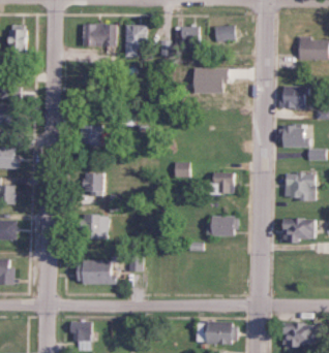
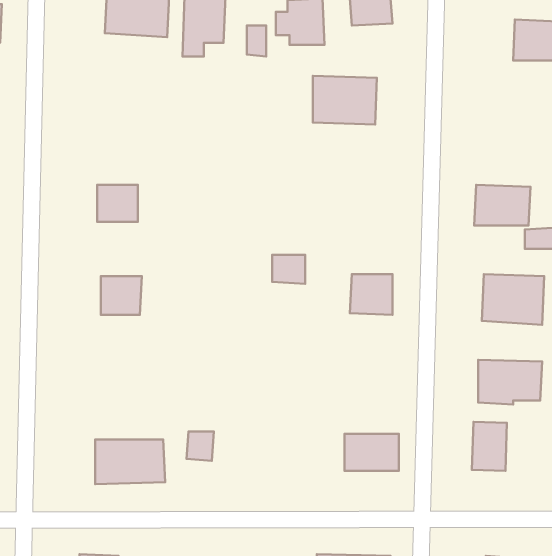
building: [280,86,308,108] -> none
building: [82,214,108,238] -> none
building: [207,216,236,235] -> [344,434,399,471]
building: none -> [472,422,507,471]

